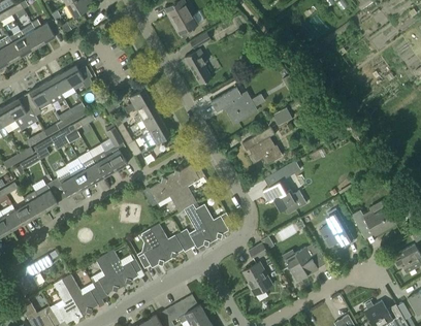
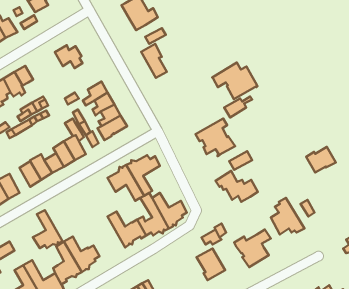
building: [64,64,93,88] -> [55,45,83,68]
building: [210,86,258,124] -> [212,63,258,99]
building: [364,206,395,233] -> [306,147,336,173]
building: [137,228,168,267] -> [33,210,63,248]

